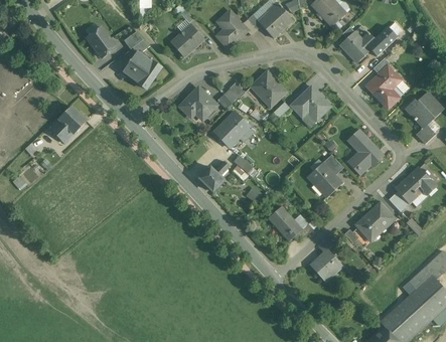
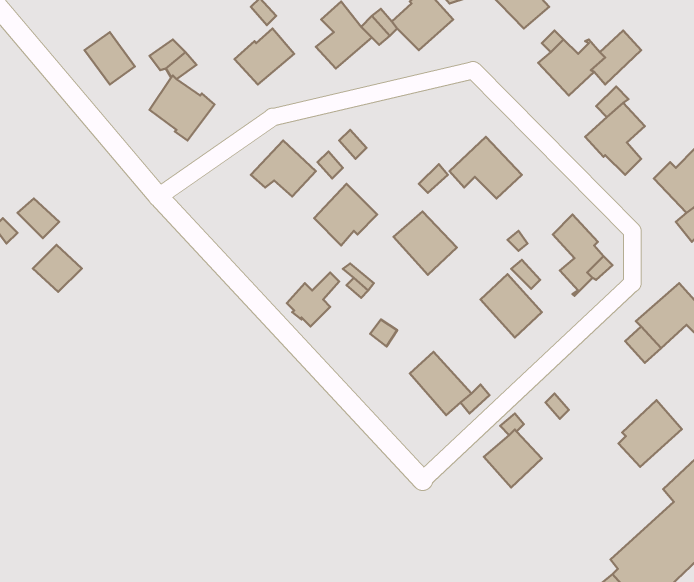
building: [250,71,285,107] -> [394,212,457,275]
building: [58,107,86,133] -> [33,245,82,292]
building: [357,202,393,239] -> [619,400,682,467]

